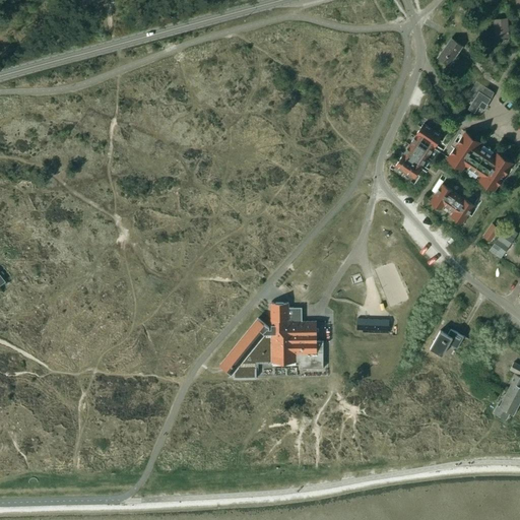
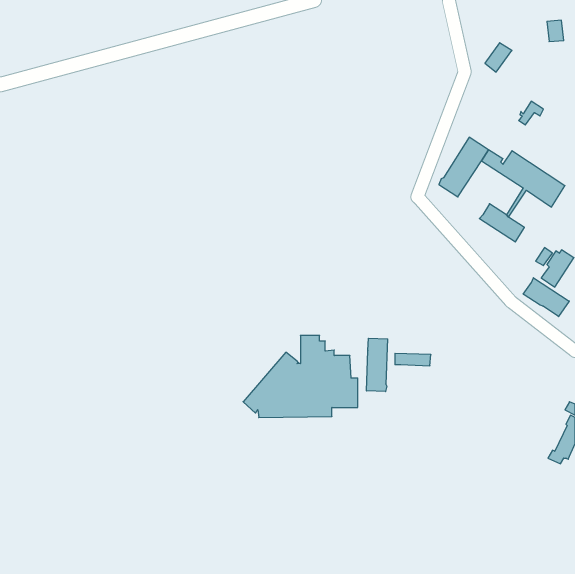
building: none -> [523,278,569,317]
building: none -> [367,338,388,392]
building: [430,330,464,356] -> none

